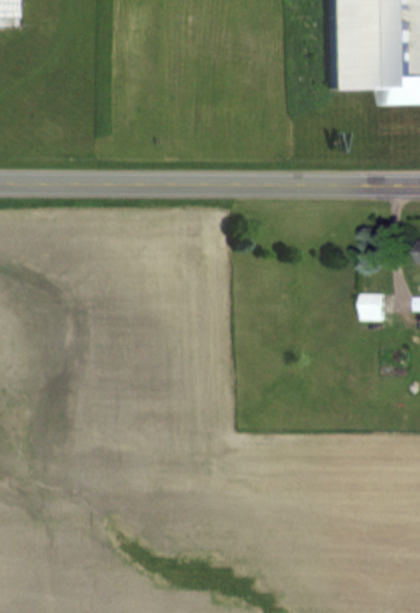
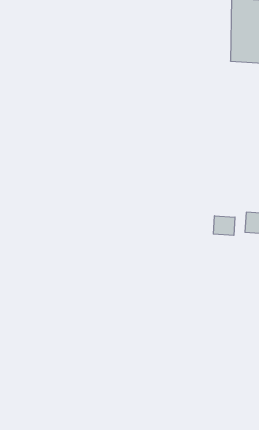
building: none -> [213,216,235,235]

